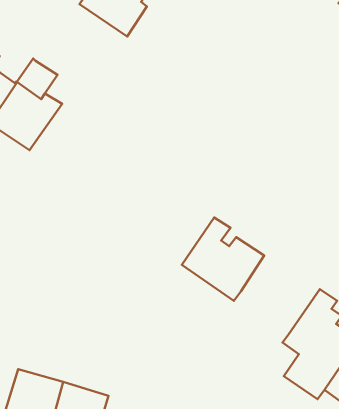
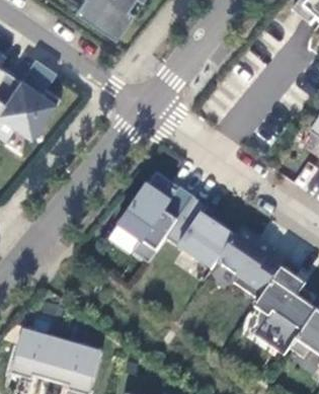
building: none -> [116,170,193,262]
building: none -> [217,223,286,298]

